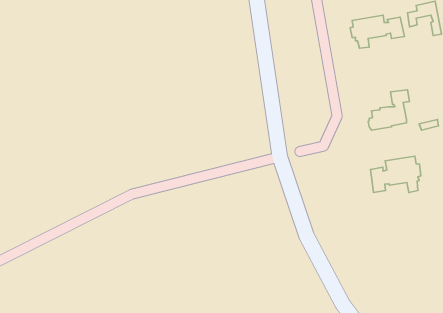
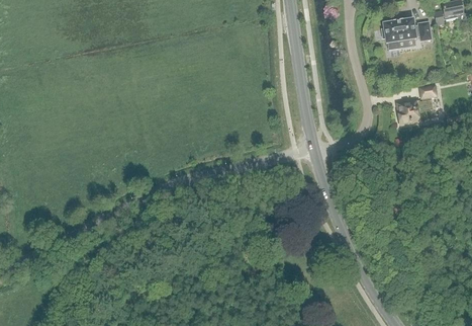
building: [371,156,421,193] -> none

